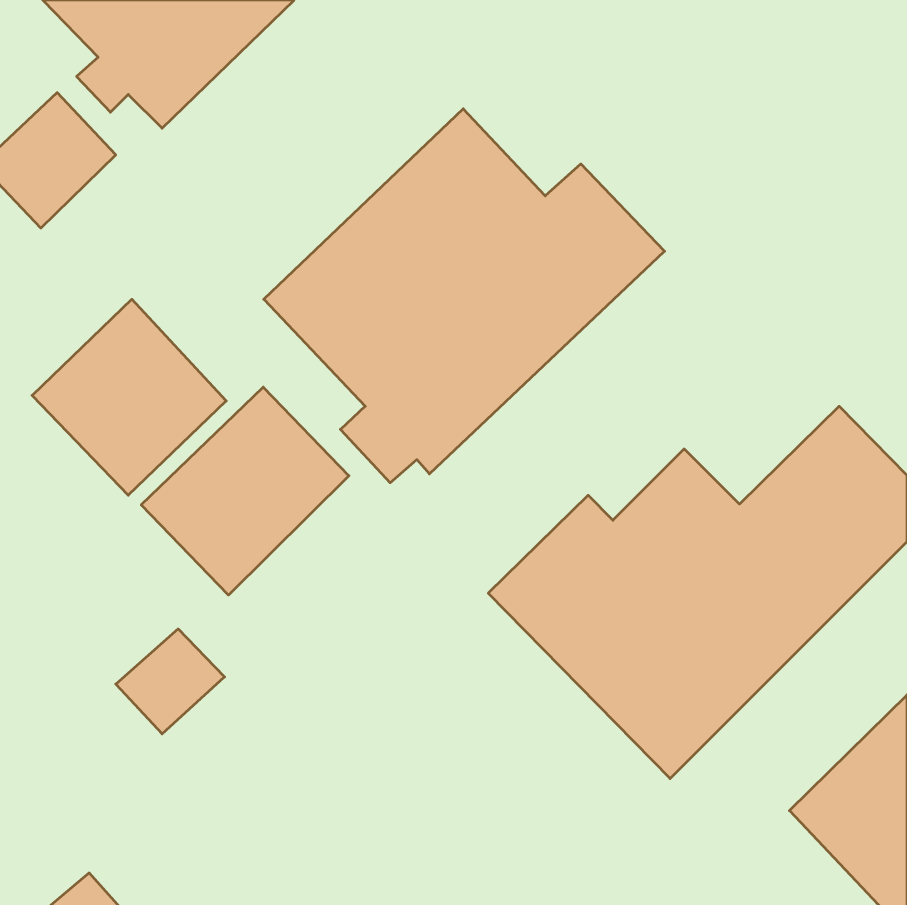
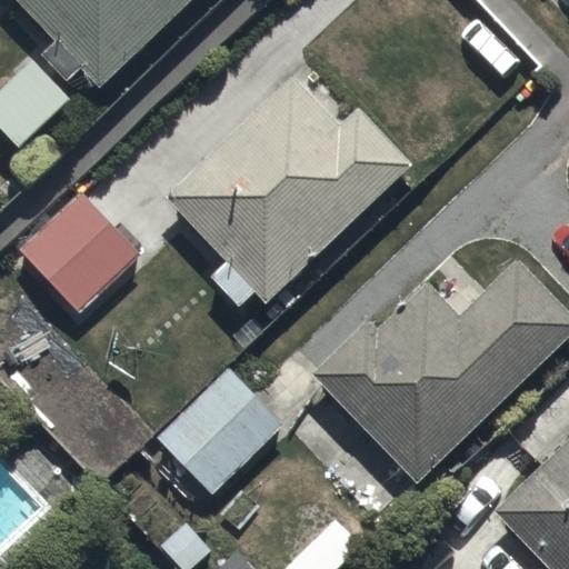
building: [141,387,349,595] -> none
building: none -> [158,369,283,492]

